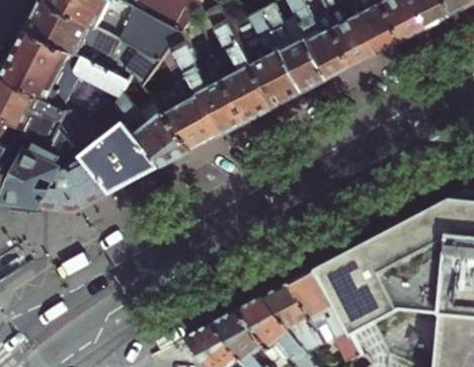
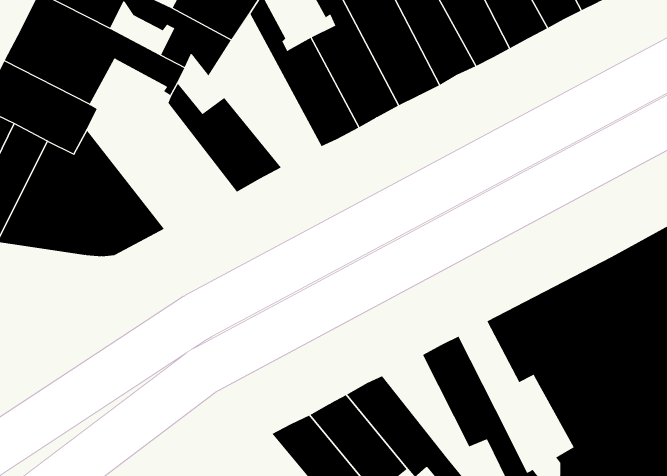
building: [153,43,223,149] -> none
building: [61,93,164,192] -> none
building: [318,255,397,350] -> none
building: [265,279,325,351] -> none

